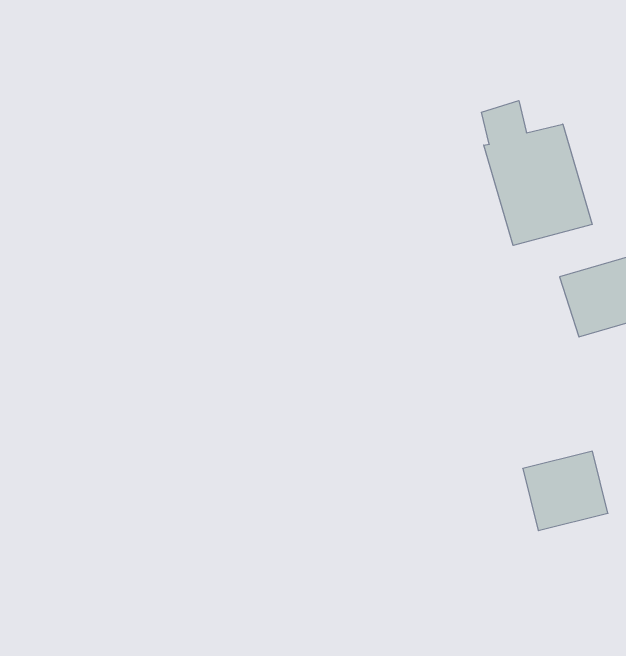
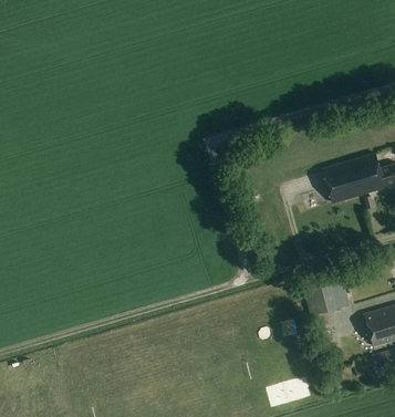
building: [481,101,592,245] -> none

